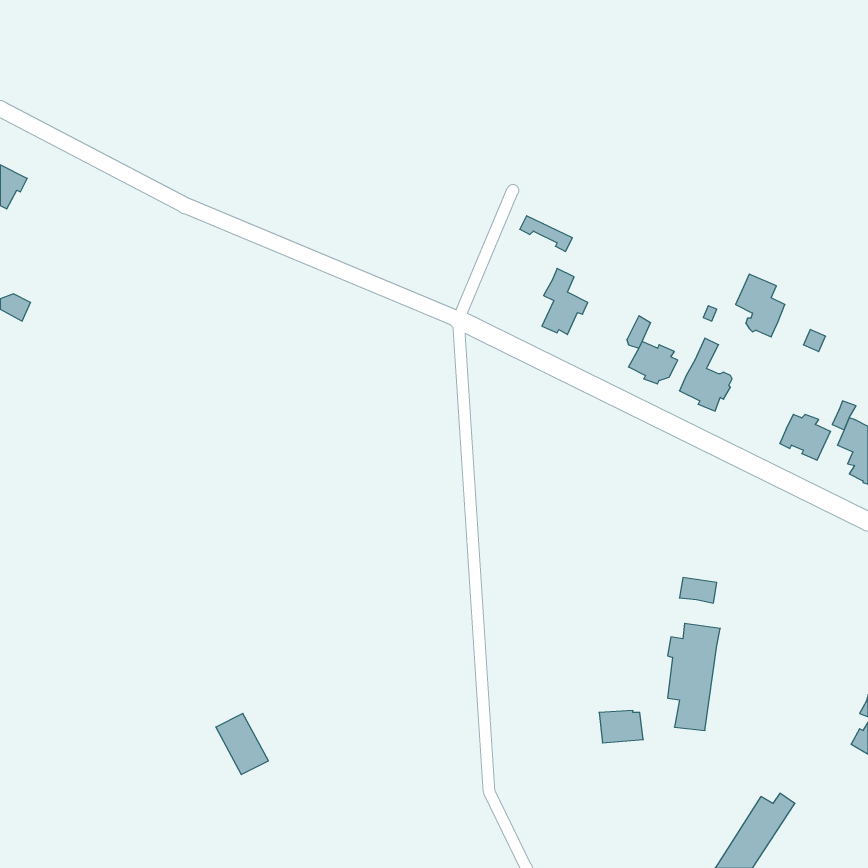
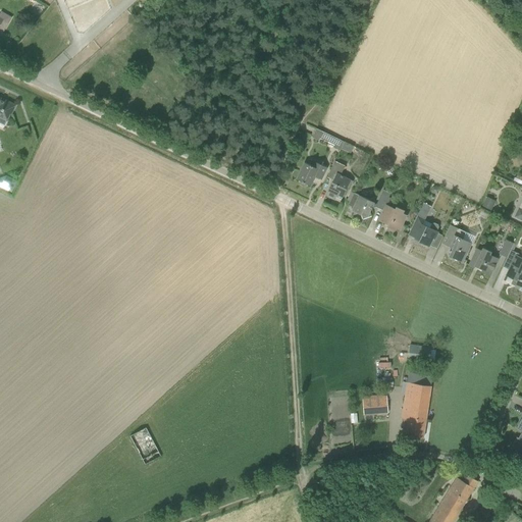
building: none -> [297,162,327,187]
building: [736,274,785,337] -> [441,225,471,263]
building: none -> [348,193,375,220]
building: [599,711,643,743] -> [362,396,388,415]

